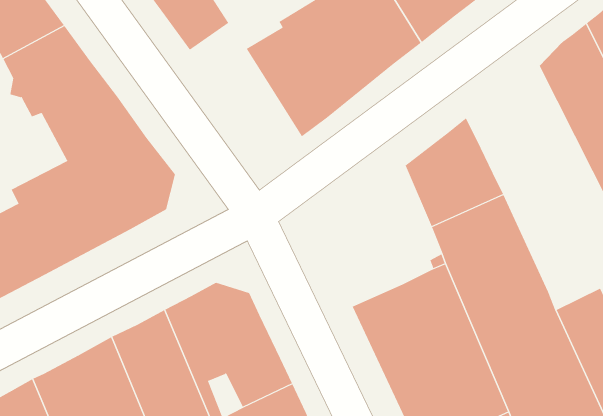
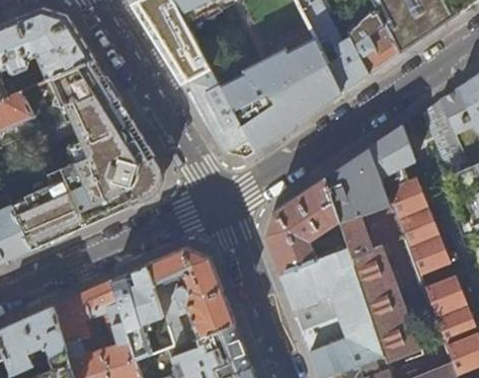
building: none -> [179,67,253,156]
building: none -> [370,124,412,168]
building: none -> [386,174,450,273]
building: none -> [264,176,339,273]

